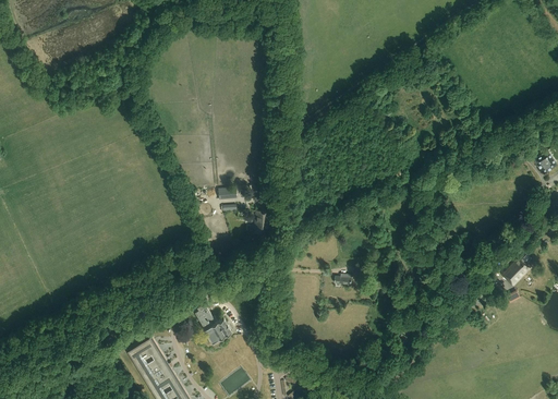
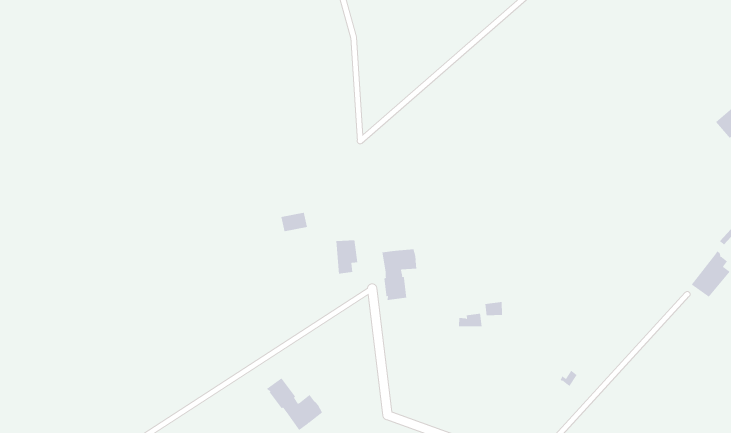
building: none -> [382,248,417,301]

